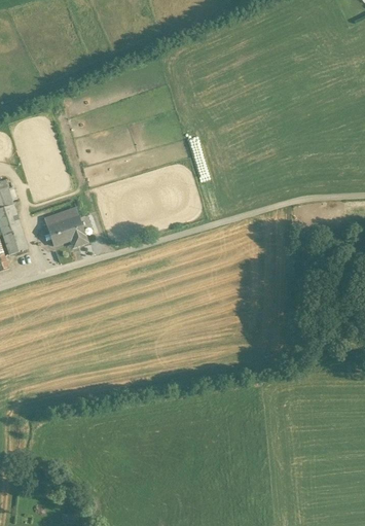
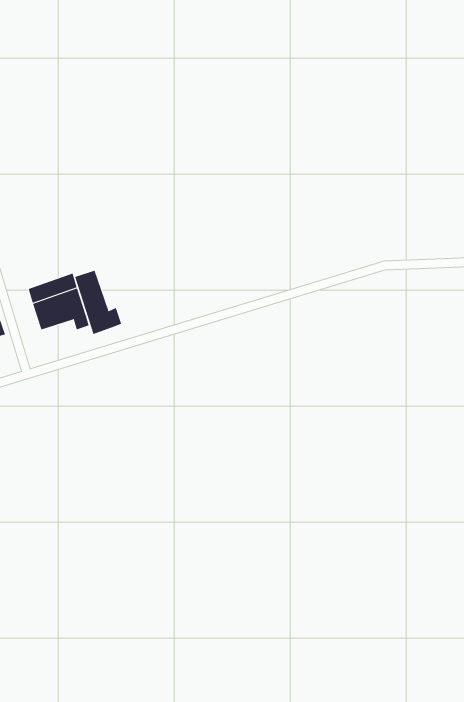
building: none -> [74,270,122,335]

